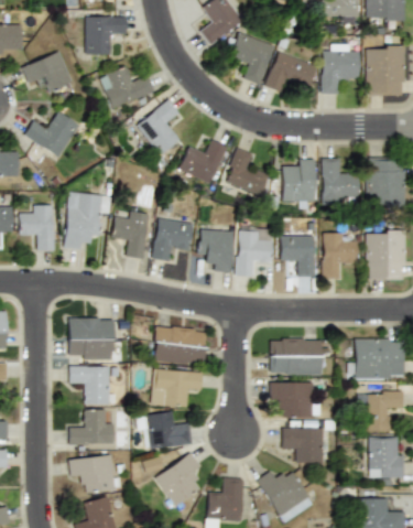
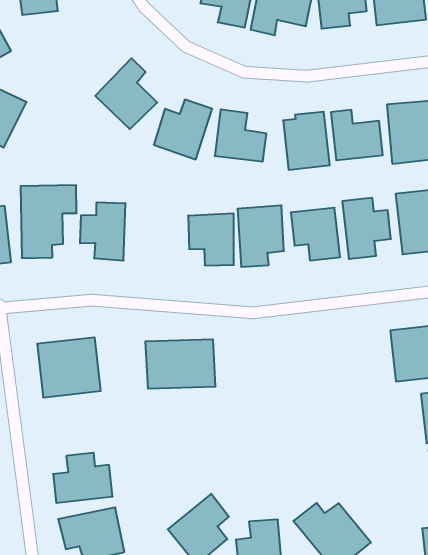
building: [98,65,154,110] -> none
building: [153,218,194,261] -> none
building: [269,338,323,376] -> none
building: [69,366,111,405] -> none
building: [151,369,202,407] -> none
building: [270,381,319,418] -> none
building: [133,412,193,449] -> none
building: [283,428,324,464] -> none

